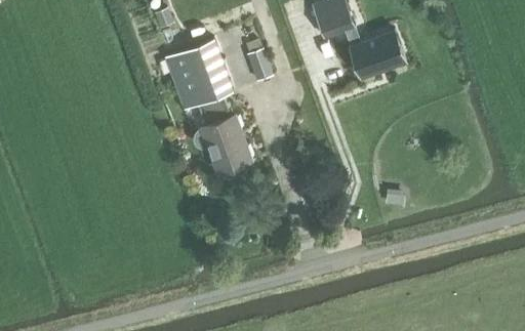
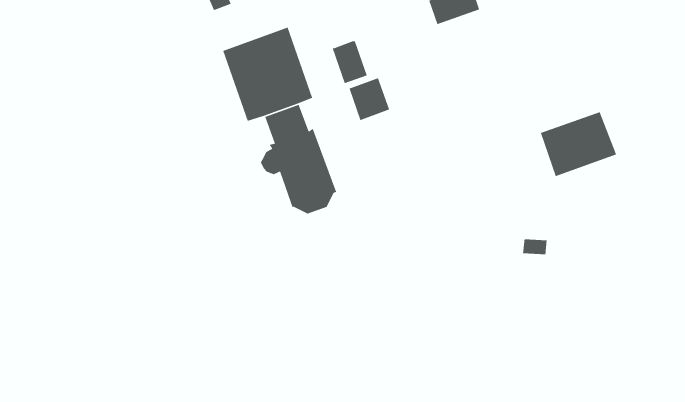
building: [350,30,406,78] -> [540,111,617,177]
building: none -> [348,77,390,121]

